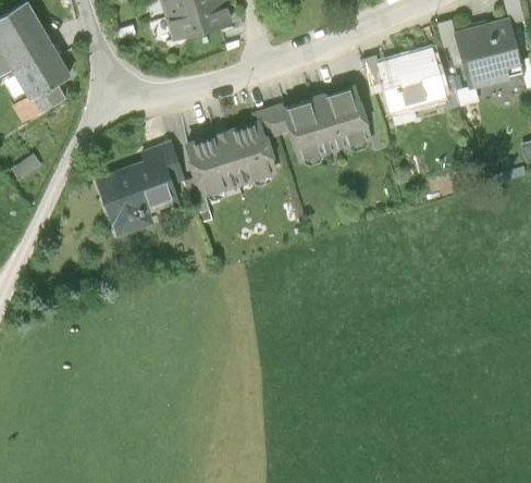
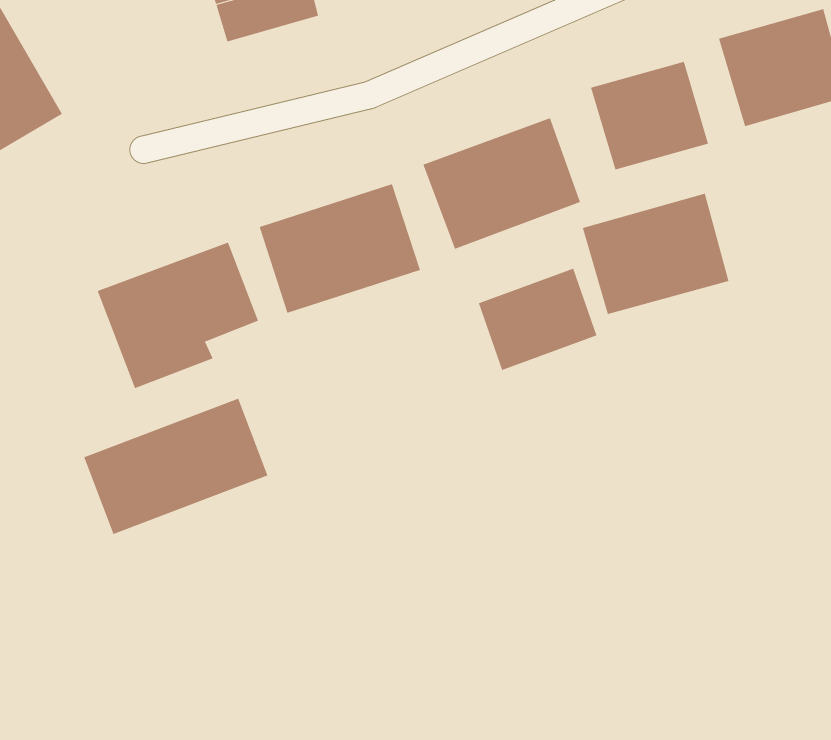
building: none -> [582,193,729,315]
building: none -> [478,268,597,371]
building: none -> [84,398,268,535]

